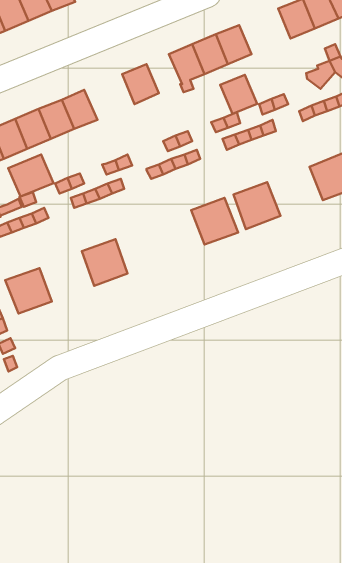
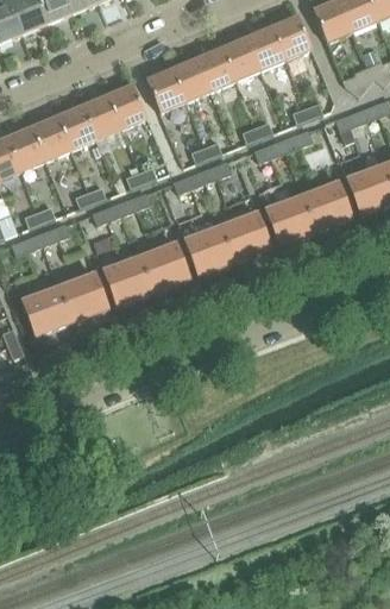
building: none -> [172,58,210,100]
building: [220,75,257,114] -> [271,17,310,58]
building: none -> [106,86,146,128]
building: [8,155,53,196] -> none
building: none -> [301,182,351,231]
building: none -> [184,225,234,275]
building: none -> [139,243,188,293]
building: none -> [58,272,107,322]

